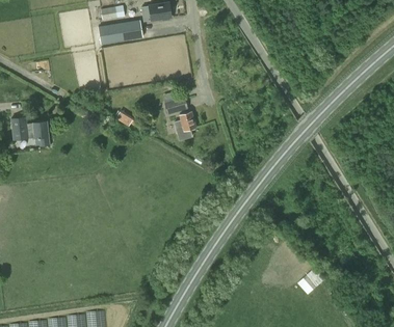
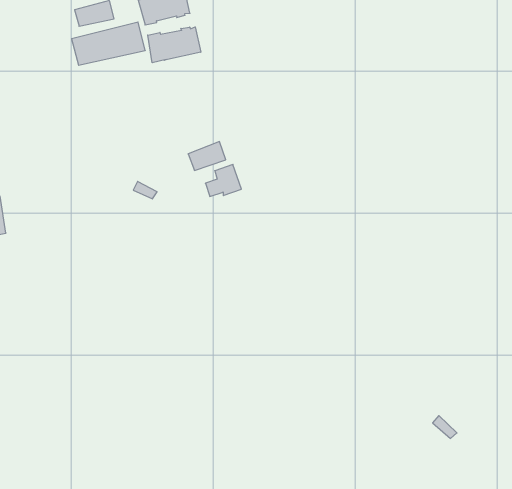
building: none -> [148,27,201,63]

